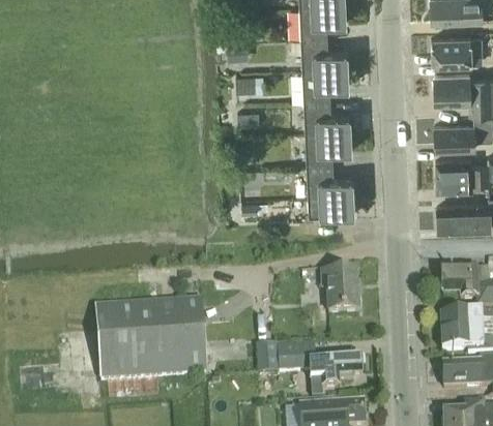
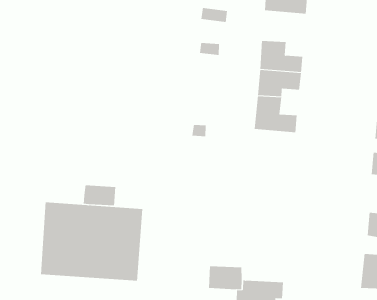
building: [302,66,349,100] -> none
building: [308,193,354,213] -> none
building: [320,270,358,310] -> none
building: none -> [83,184,116,206]
building: [257,344,281,372] -> none

